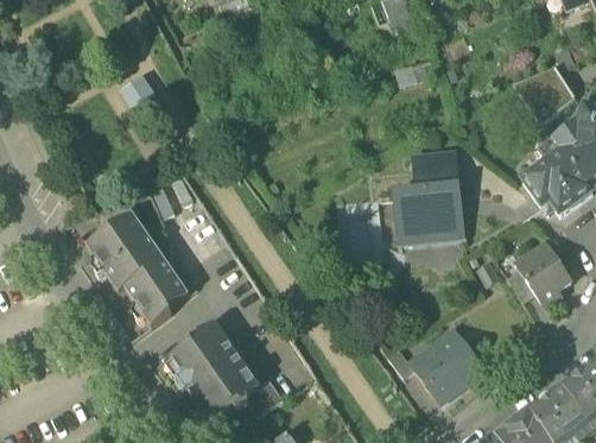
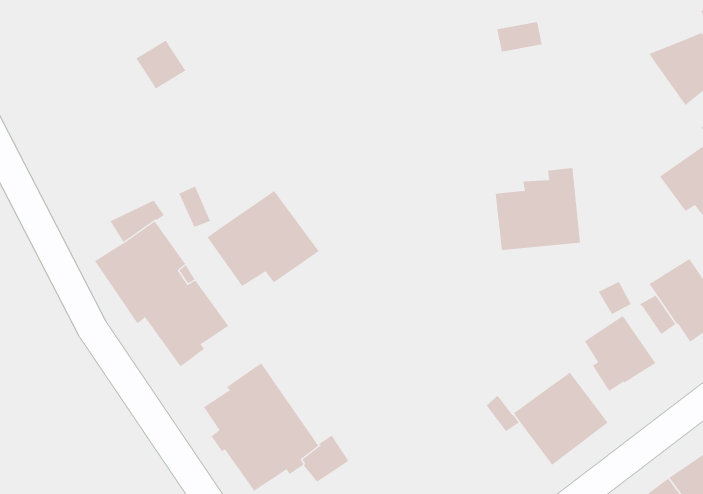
building: [416,153,456,182] -> none
building: none -> [207,190,319,287]
building: none -> [584,315,656,392]

